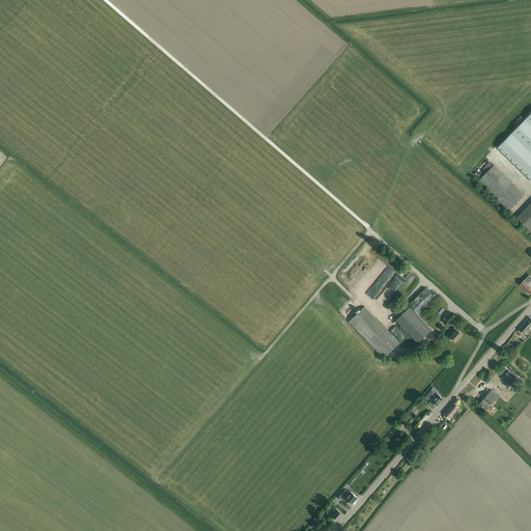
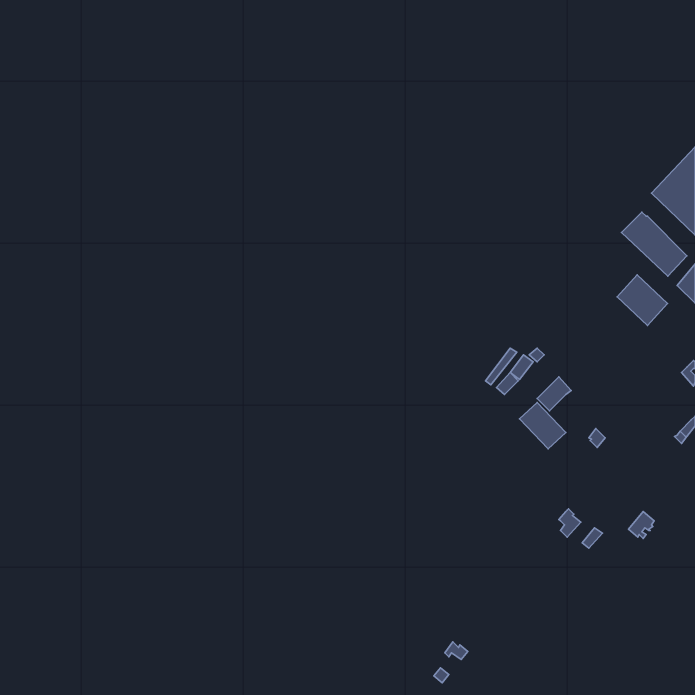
building: none -> [617,275,668,325]
building: [348,306,399,358] -> none

